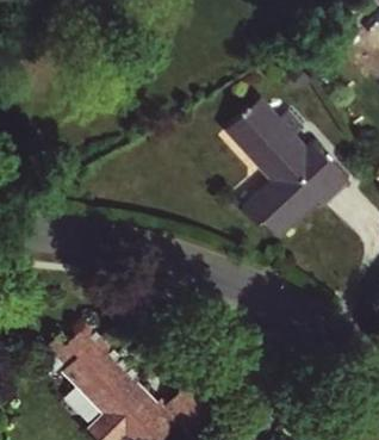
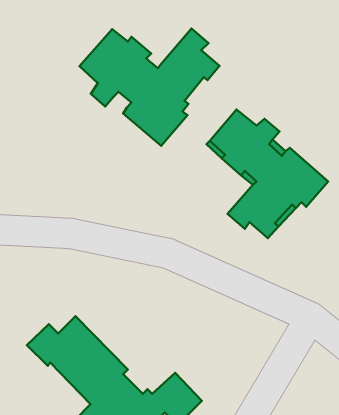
building: none -> [80,28,220,146]

